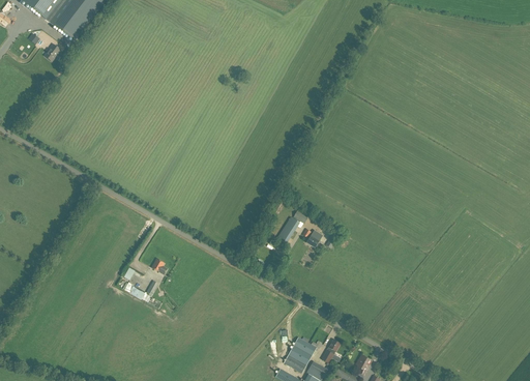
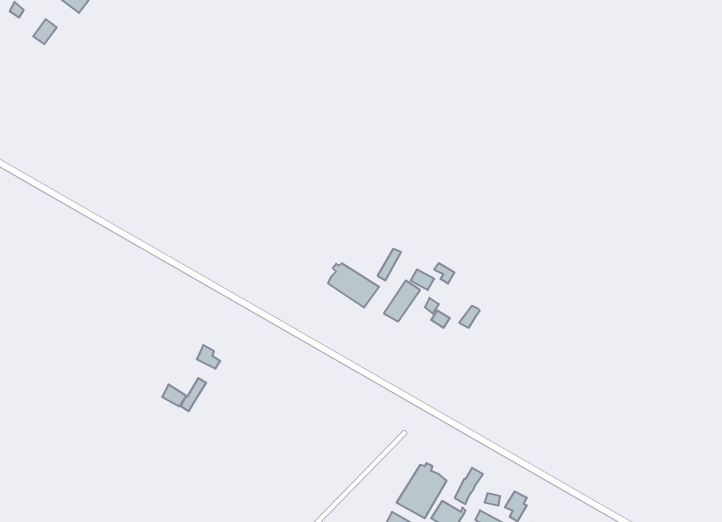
building: none -> [328,263,379,308]

